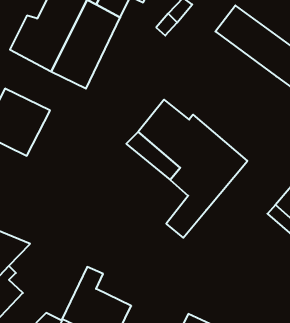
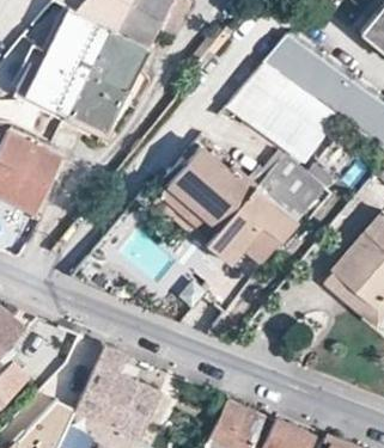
building: none -> [232,66,333,152]
building: none -> [257,154,324,220]

